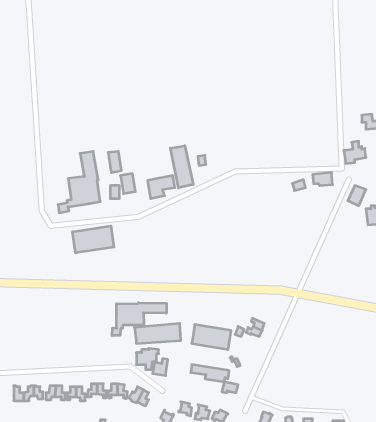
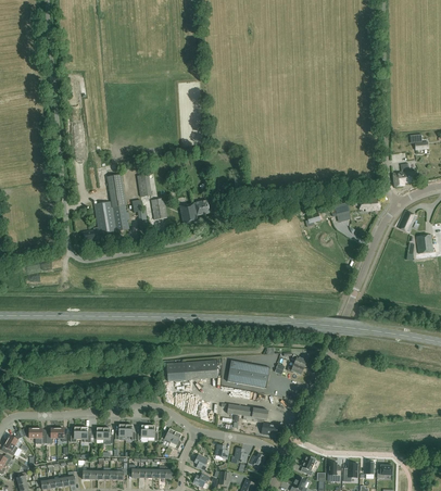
building: [170,146,193,188] -> none
building: [73,226,114,253] -> none
building: [112,303,166,336] -> none

